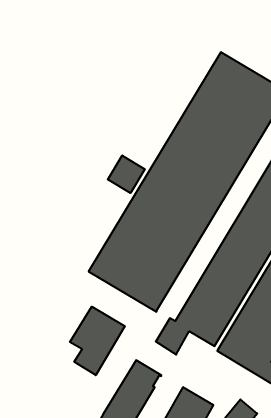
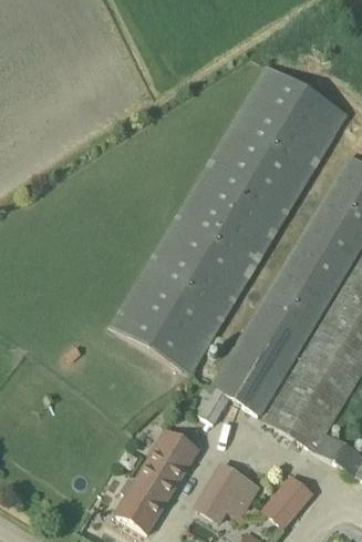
building: [108,155,145,193] -> none
building: [70,307,125,375] -> none

